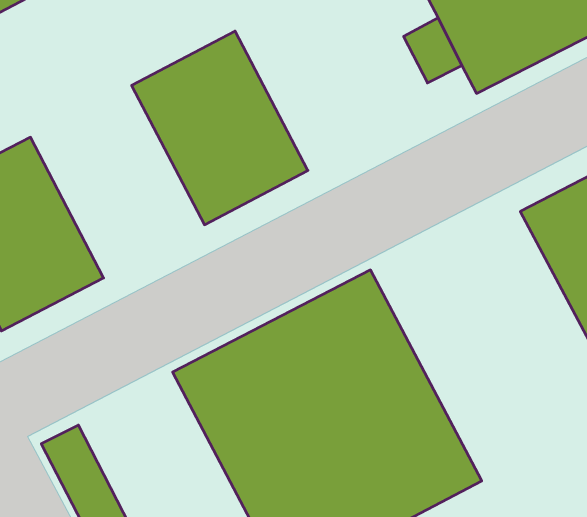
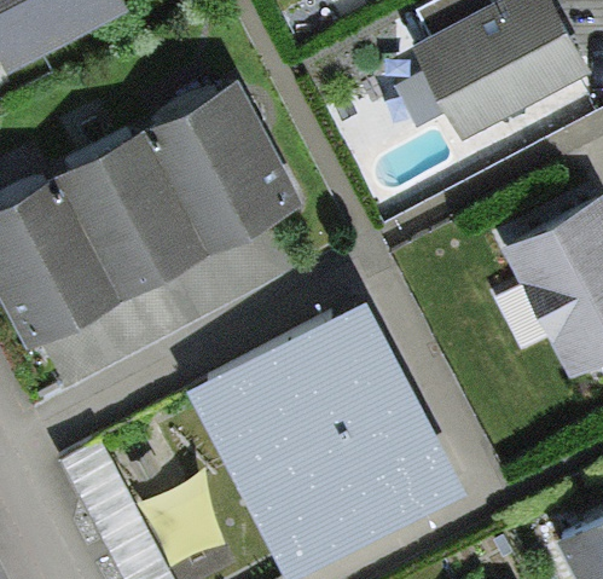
building: none -> [56,131,214,306]

